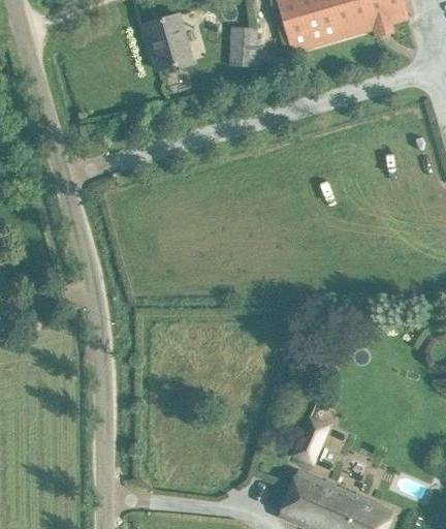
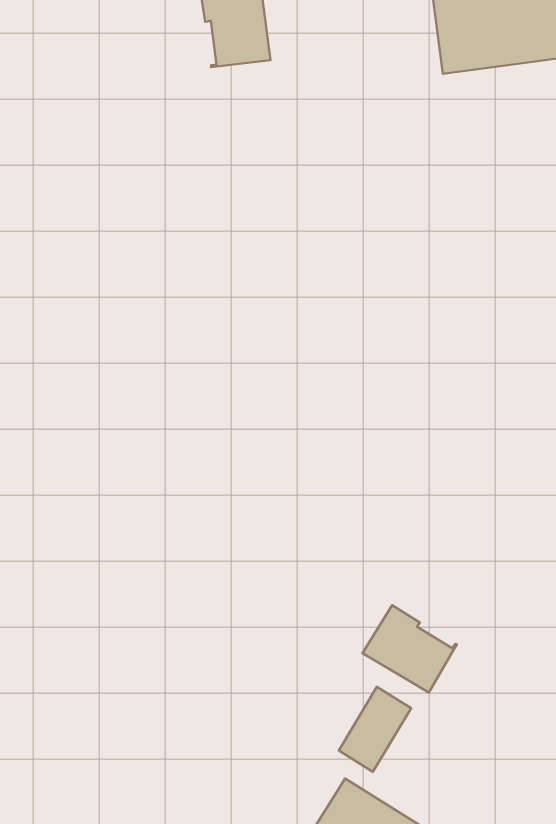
building: [230,27,255,66] -> none
building: none -> [363,605,457,693]

